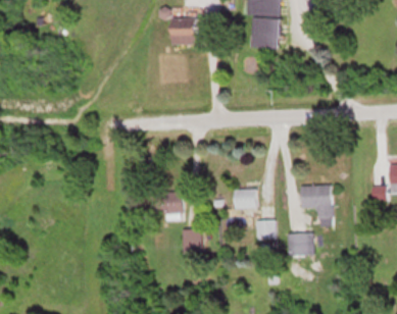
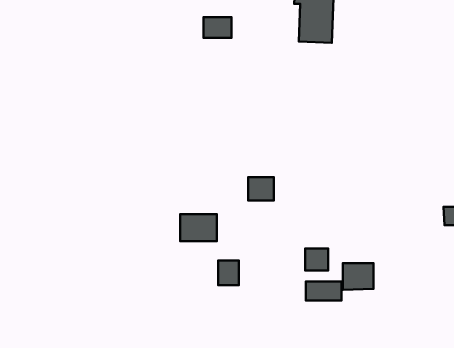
building: [301,186,332,218] -> none
building: [235,189,256,208] -> [248,177,274,200]
building: none -> [306,282,341,301]

